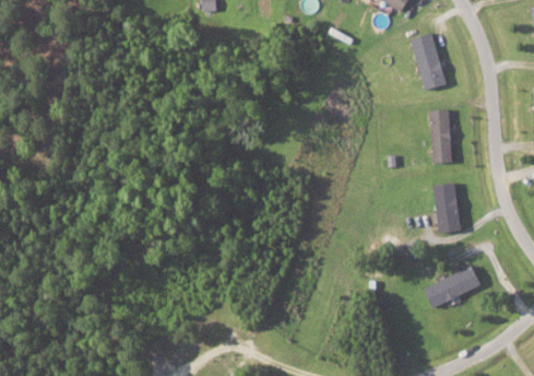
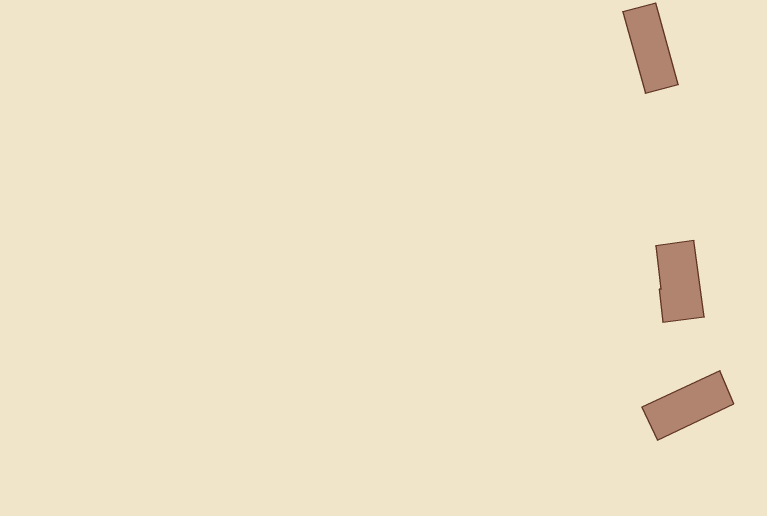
building: [430,109,451,164] -> none

